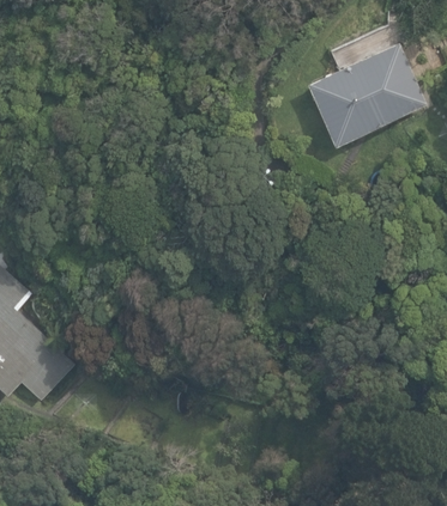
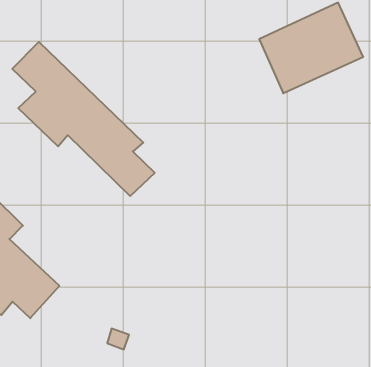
building: none -> [12,42,155,196]

